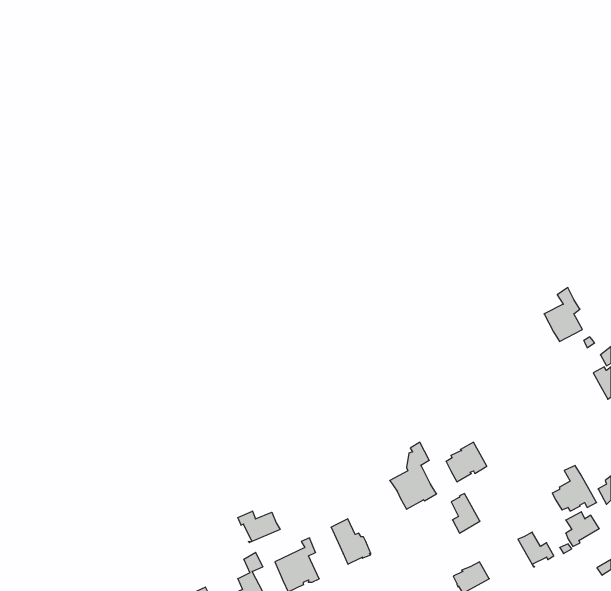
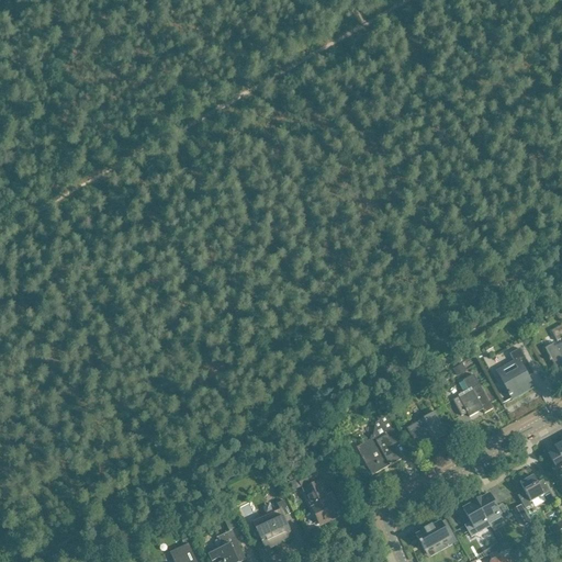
building: [544,288,582,341] -> [497,347,532,396]
building: [552,466,597,511] -> [452,373,493,415]
building: [451,494,480,533] -> [463,499,490,536]
building: [238,511,280,543] -> none

